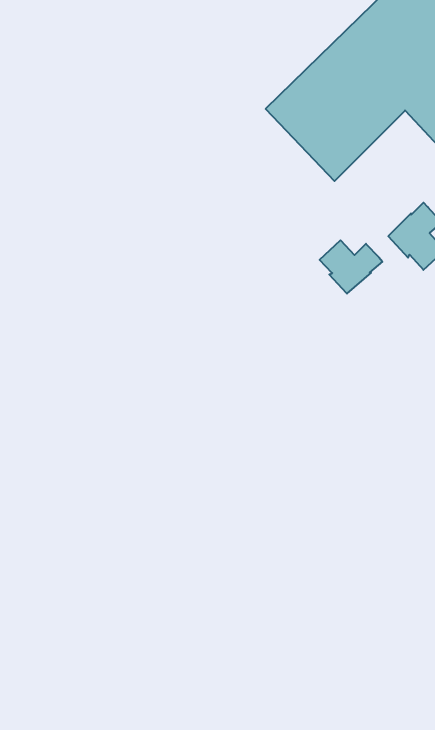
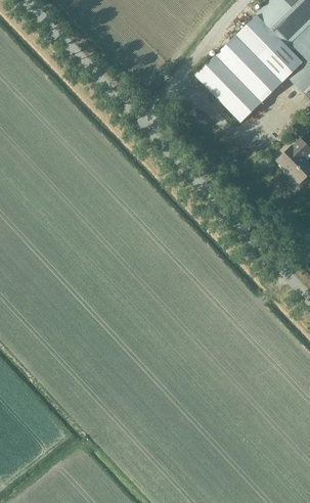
building: [320,240,382,294] -> none

